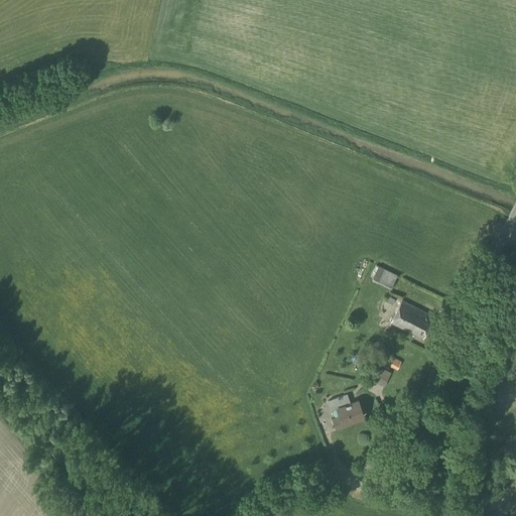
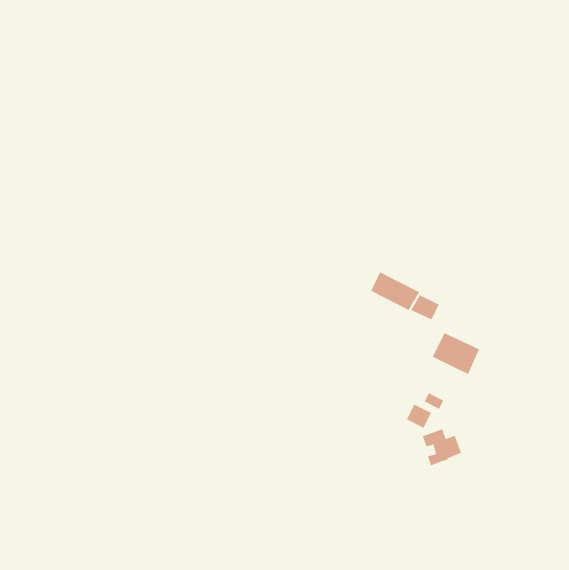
building: none -> [370,272,420,311]
building: [329,394,365,428] -> [422,428,462,466]

